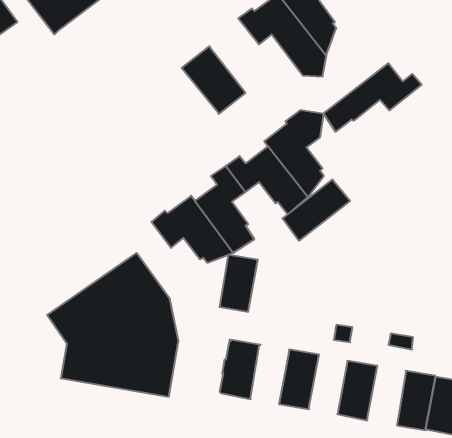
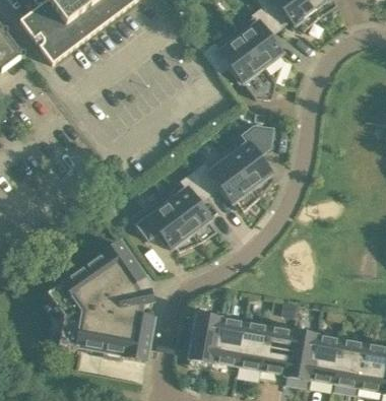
building: [182,46,245,114] -> none
building: [324,63,422,132] -> none
building: [282,179,350,241] -> none
building: [219,255,258,312] -> [213,318,245,364]
building: none -> [261,326,293,374]
building: none -> [309,335,340,382]

